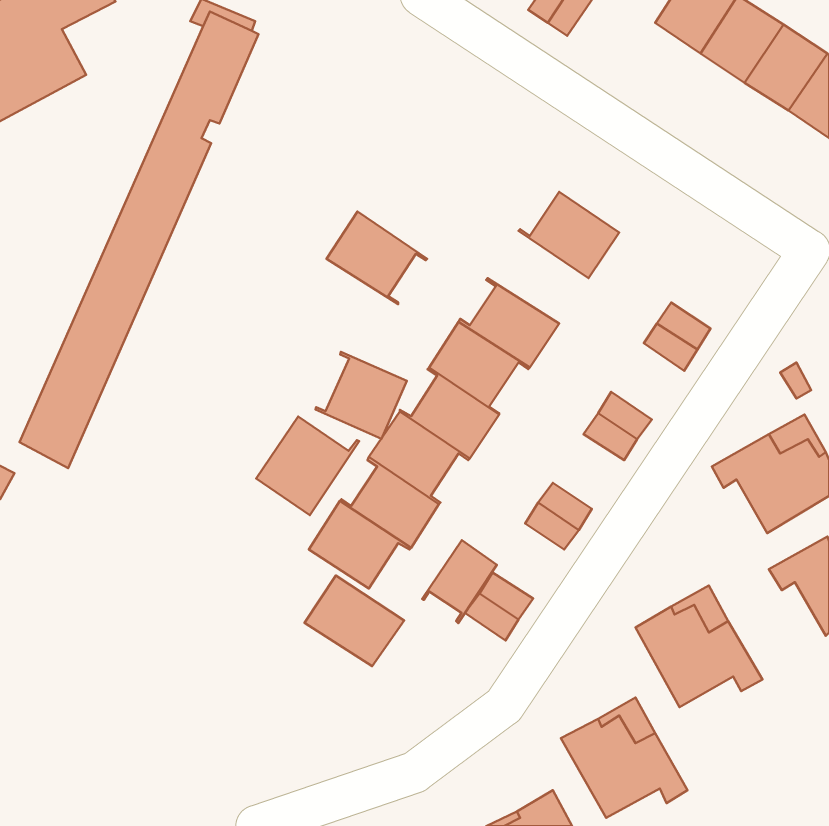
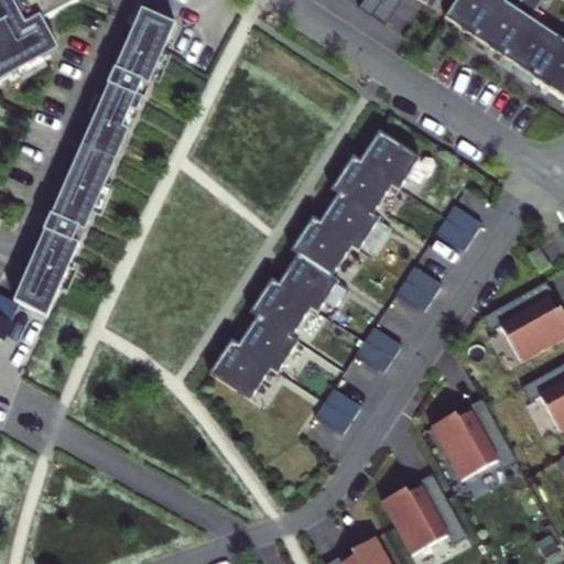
building: [327,212,427,304] -> [330,156,399,219]
building: [316,352,407,439] -> none
building: [256,417,359,515] -> none
building: [422,540,497,623] -> none
building: [305,575,404,666] -> none

